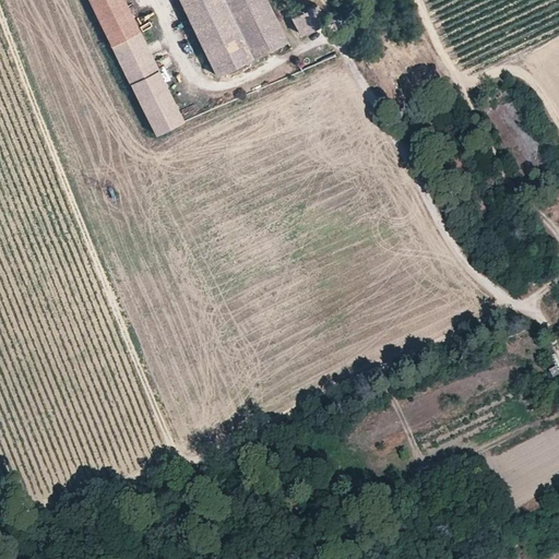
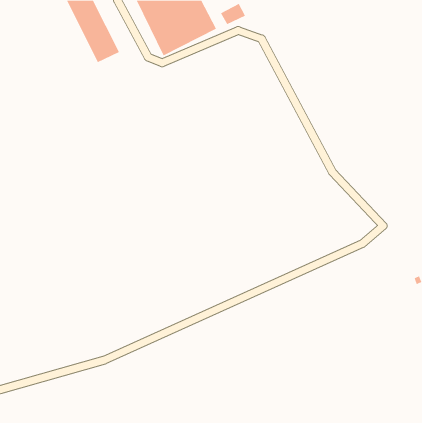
building: [129,69,183,132] -> none

